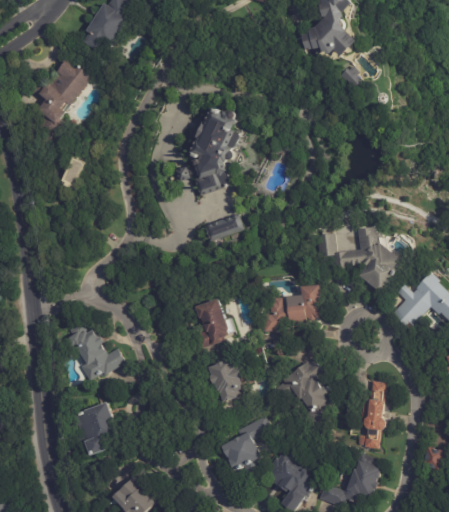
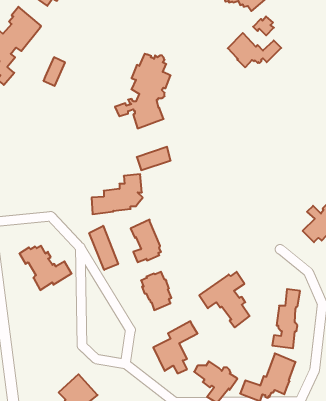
building: none -> [228,33,281,67]
building: [59,156,84,189] -> [43,57,65,86]
building: [316,218,401,291] -> none
building: [260,285,319,331] -> [92,174,143,214]
building: none -> [89,226,118,270]
building: [76,401,117,456] -> none

